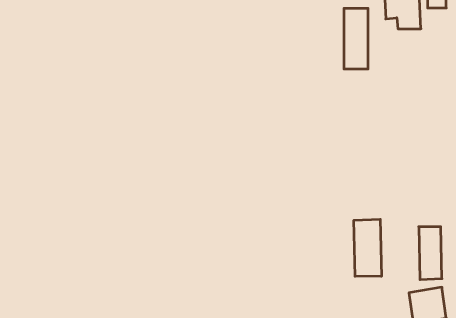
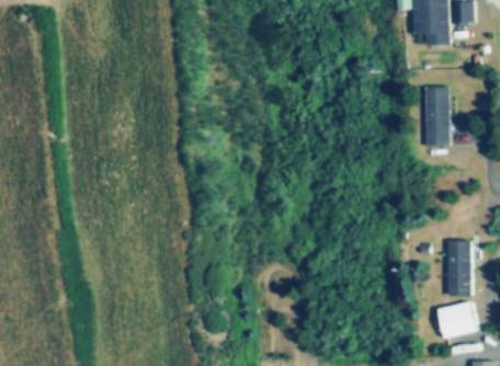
building: [344,8,368,69] -> [425,84,450,145]
building: [354,219,381,276] -> none

